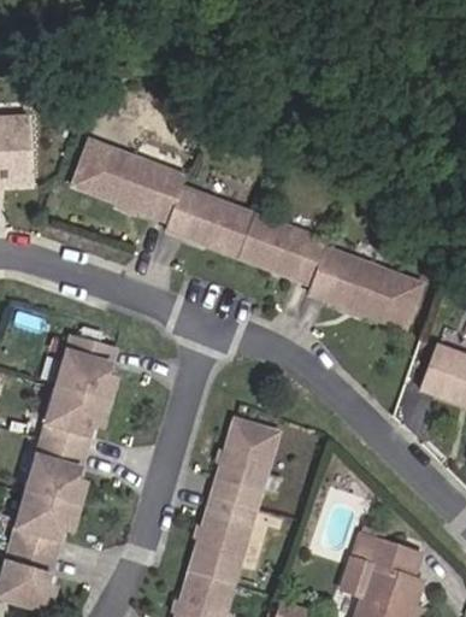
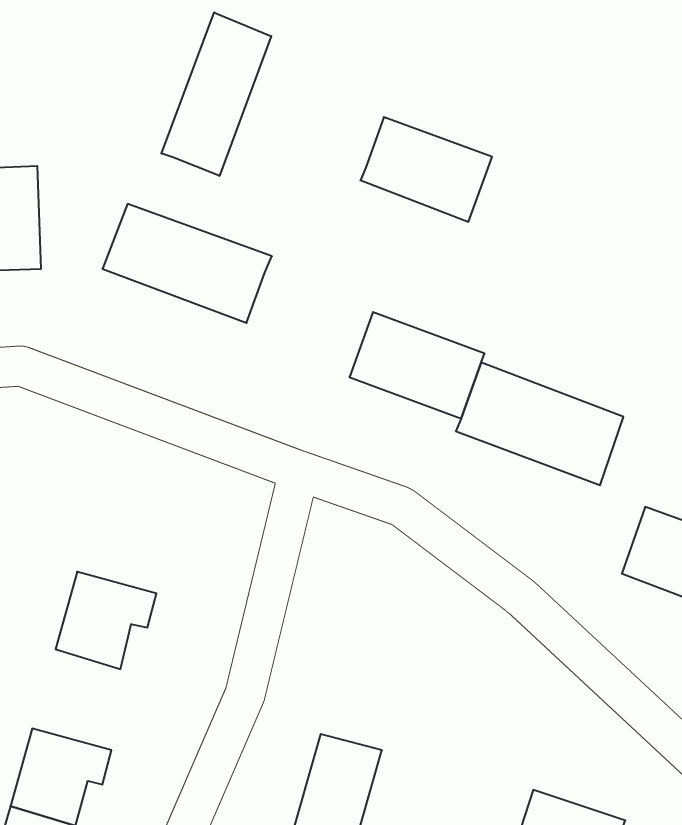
building: none -> [161,12,271,176]
building: [164,186,252,255] -> [360,117,492,222]
building: [54,336,113,400] -> none
building: [217,418,279,505] -> none
building: [24,437,83,505] -> none

